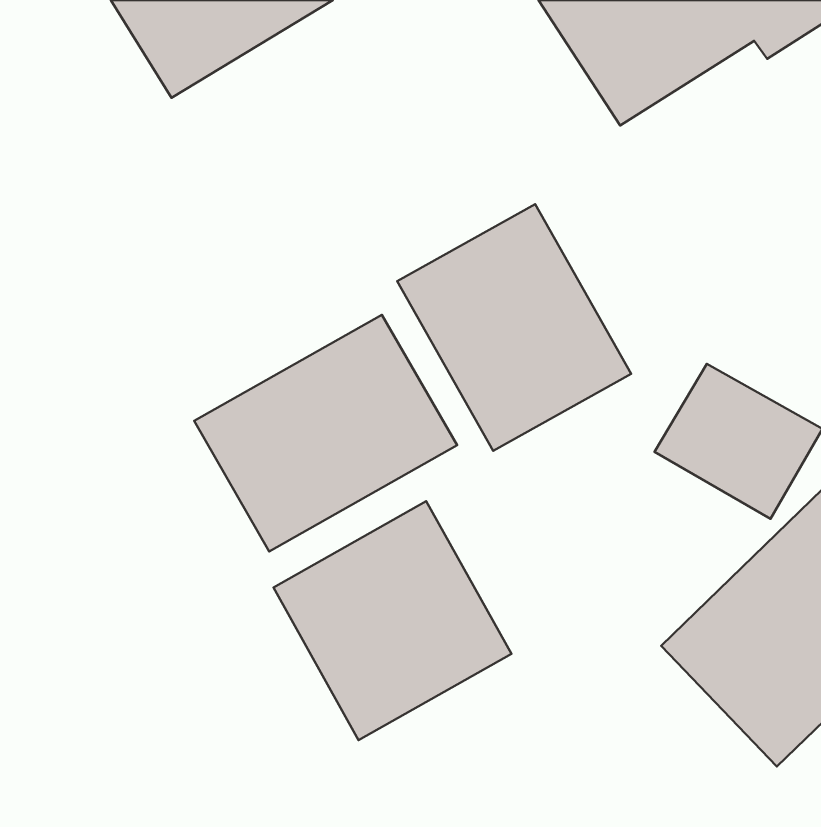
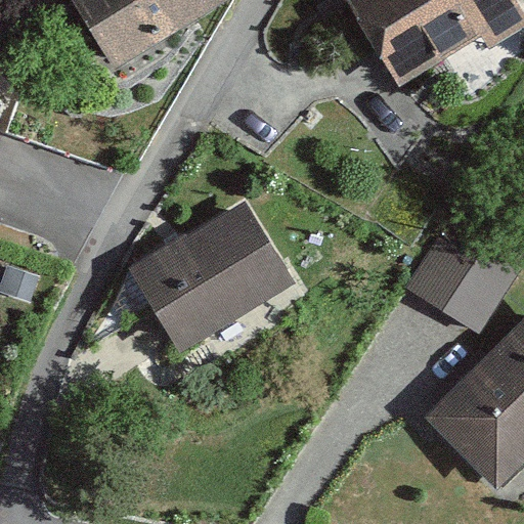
building: [397,204,631,451] -> none
building: [273,501,511,740] -> none

